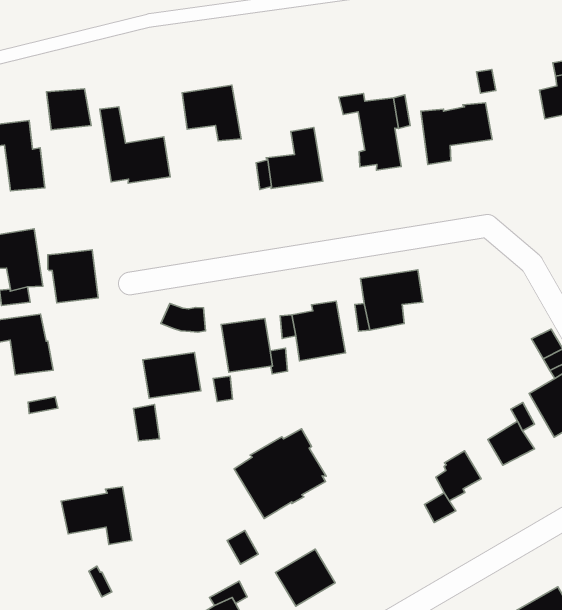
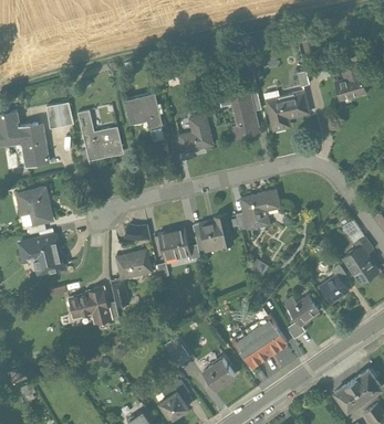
building: [48,250,98,303] -> none
building: [234,429,326,518] -> [232,315,287,369]
building: [61,487,132,544] -> [68,287,111,321]

